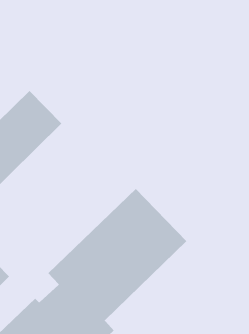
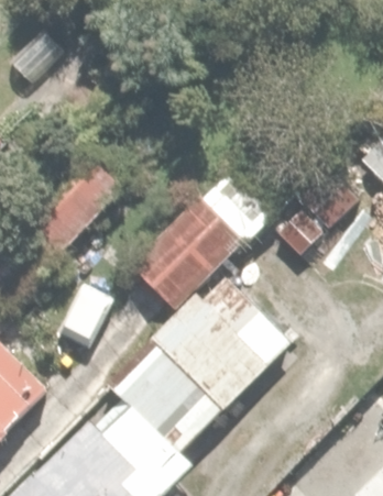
building: none -> [123,167,270,313]

